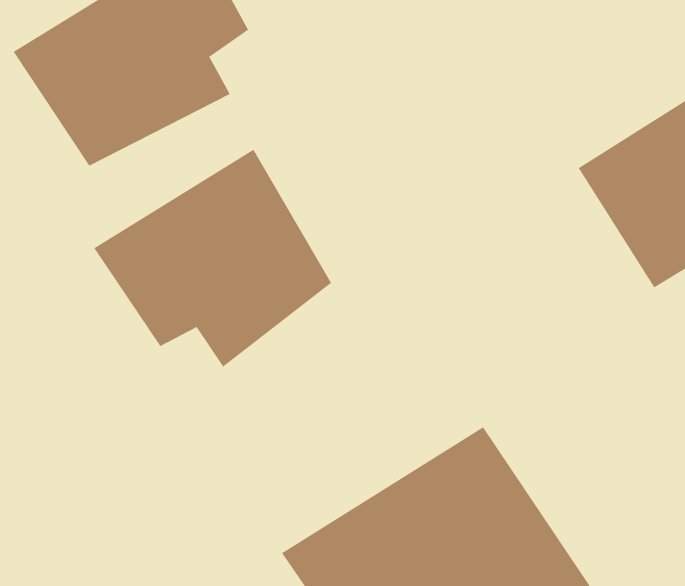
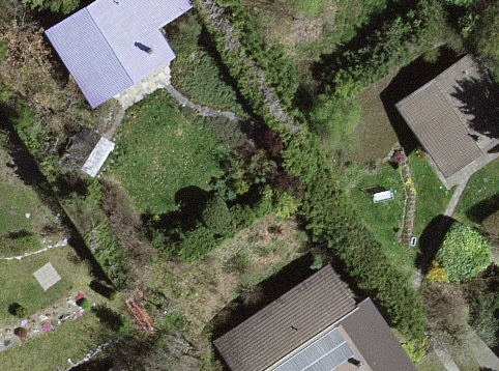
building: [93,149,332,367] -> none

